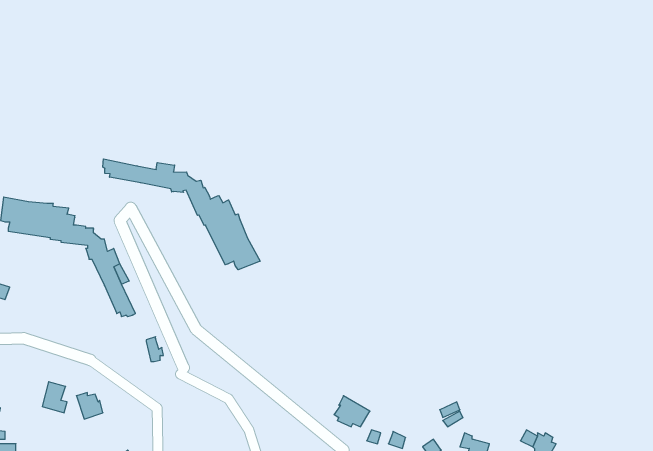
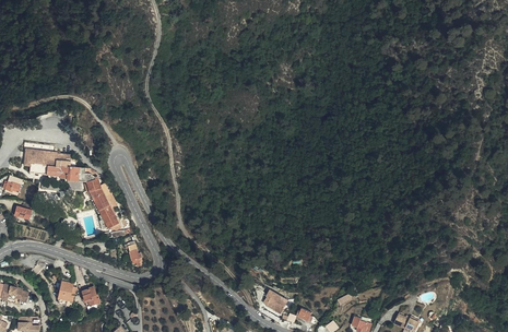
building: [103,159,260,270] -> none

